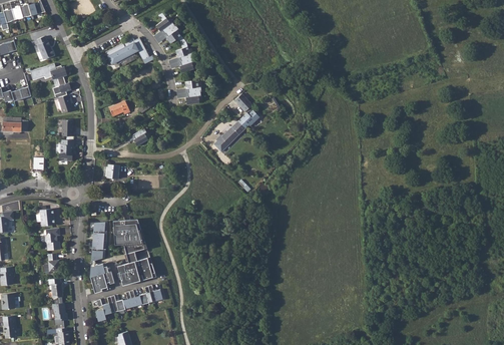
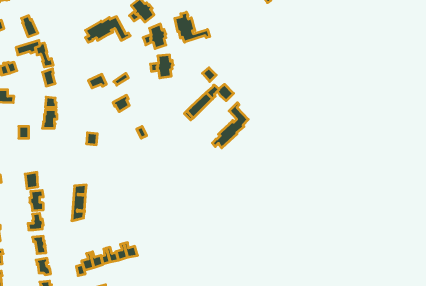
building: none -> [175,12,210,42]
building: none -> [212,103,248,148]
building: [112,219,154,285] -> none
building: [89,264,113,293] -> none

